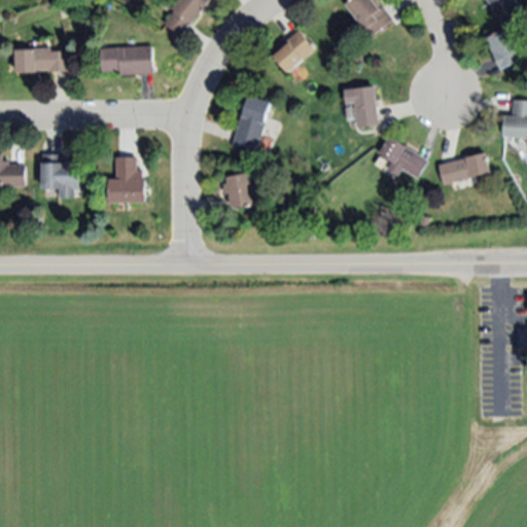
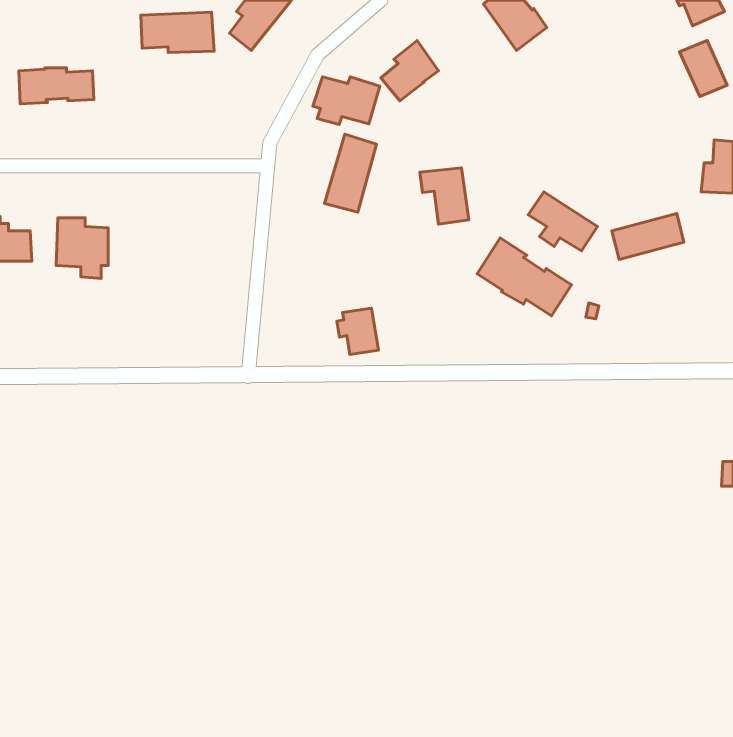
building: [99,46,151,75] -> [141,12,214,53]
building: none -> [313,77,380,124]
building: [342,87,377,128] -> [420,168,469,224]
building: [107,157,144,204] -> none
building: none -> [477,238,572,316]
building: [221,175,251,208] -> [337,308,379,354]

